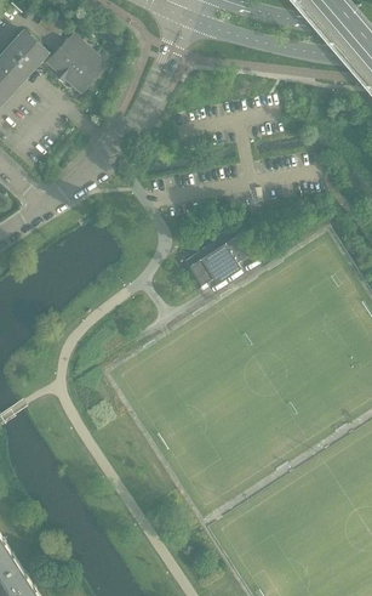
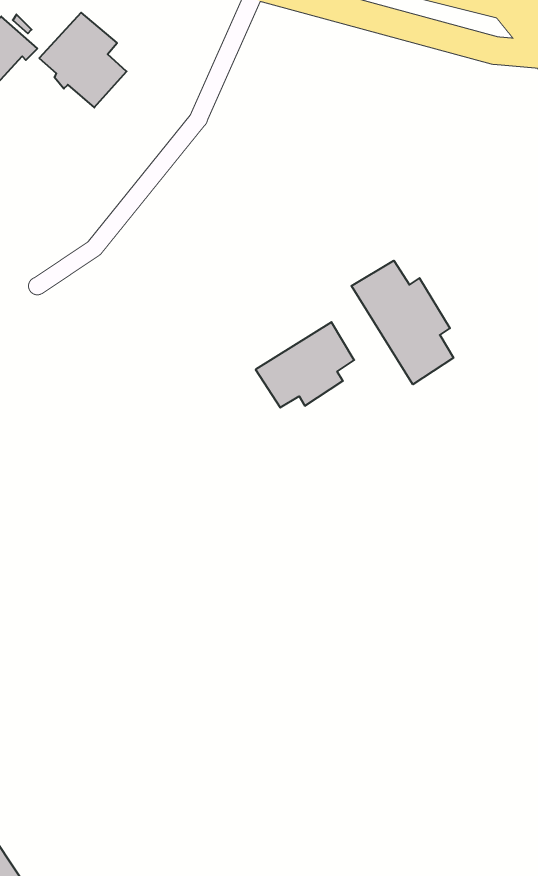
building: none -> [351,261,453,384]

